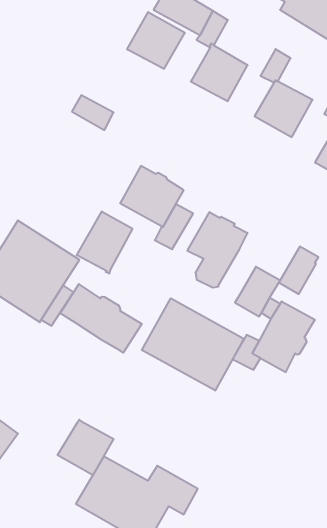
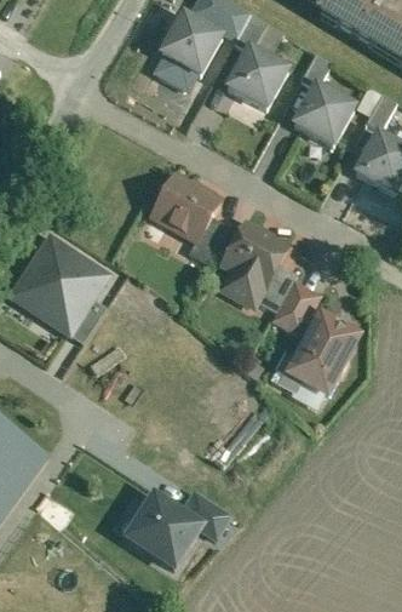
building: [72,95,114,130] -> [154,53,197,90]
building: [77,211,132,274] -> none
building: [279,247,318,294] -> [257,262,298,311]
building: [60,284,142,353] -> none
building: [142,298,244,391] -> none
building: [58,420,114,475] -> none

